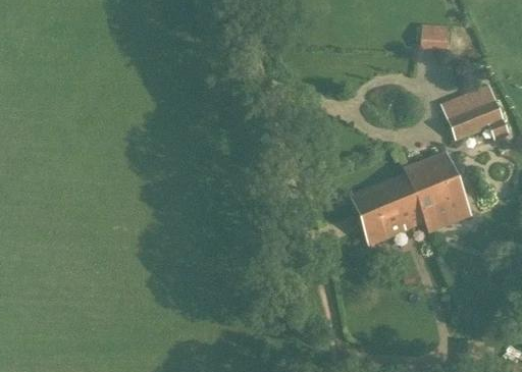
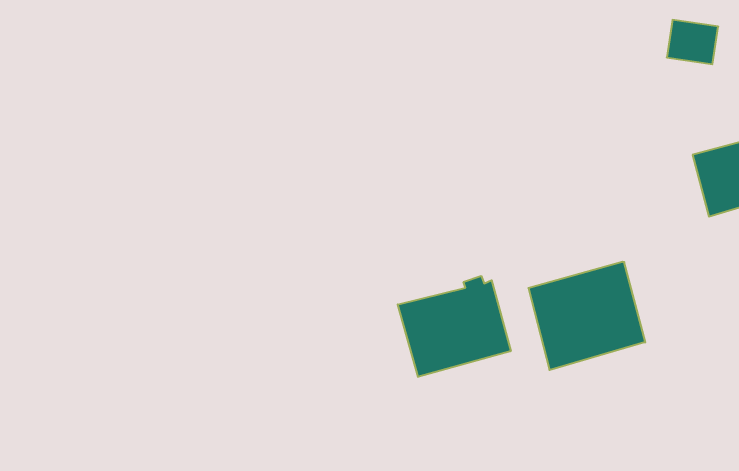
building: [406,154,470,230] -> none
building: none -> [398,276,511,377]

